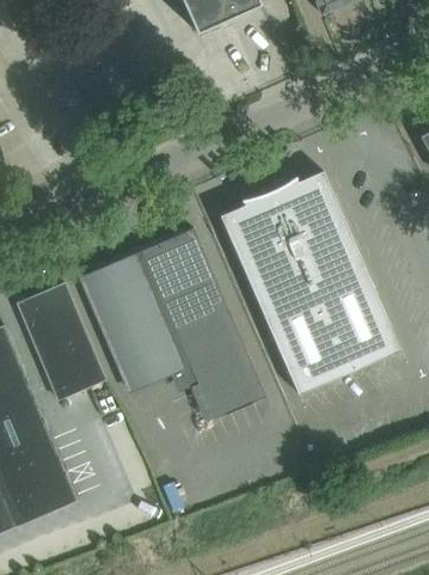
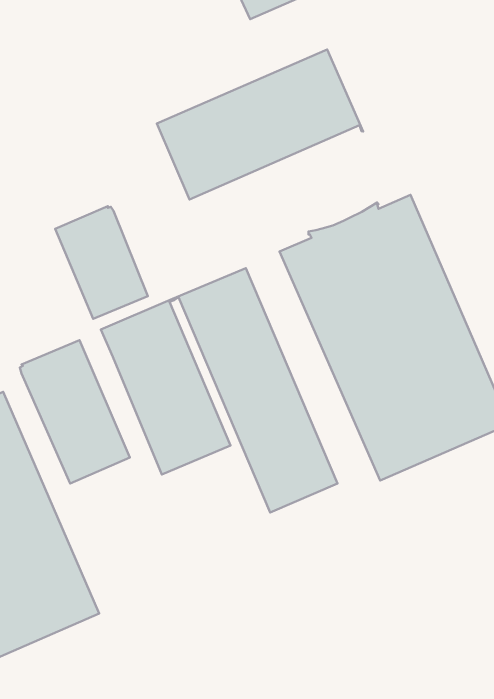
building: none -> [157,50,363,199]
building: none -> [55,206,148,319]

